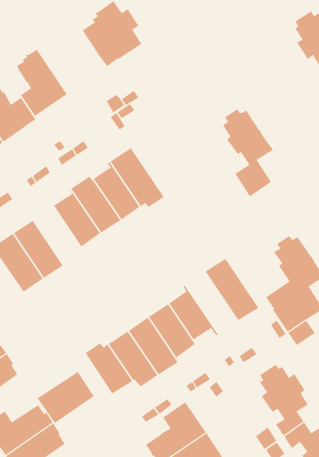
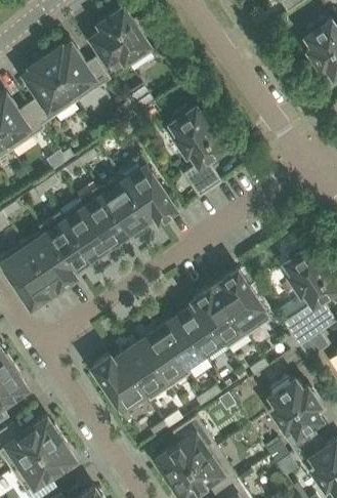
building: none -> [45,43,111,102]
building: [222,108,274,197] -> [171,107,223,197]
building: none -> [38,212,89,277]
building: none -> [196,283,249,347]
building: [37,371,95,424] -> none

